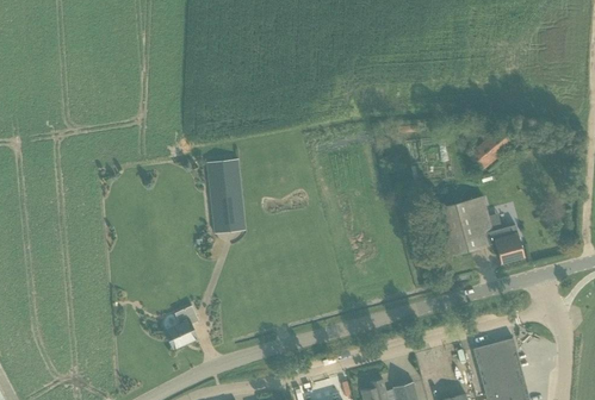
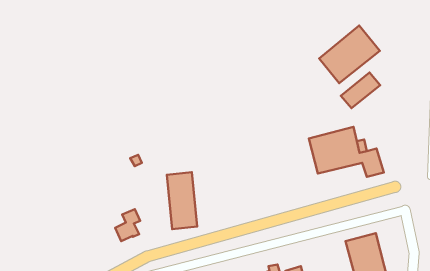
building: none -> [319,26,380,83]
building: [205,160,246,236] -> [167,172,197,229]

